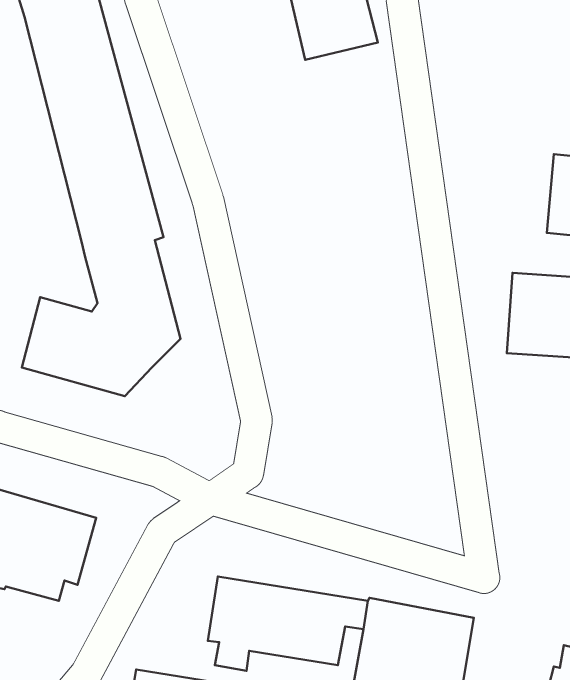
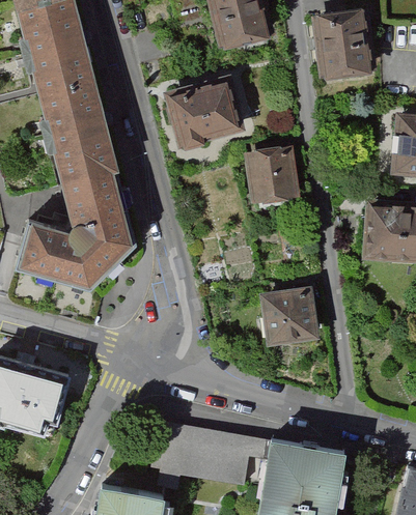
building: none -> [317,10,378,77]
building: none -> [167,77,246,146]
building: none -> [250,148,299,205]
building: none -> [266,291,320,344]

